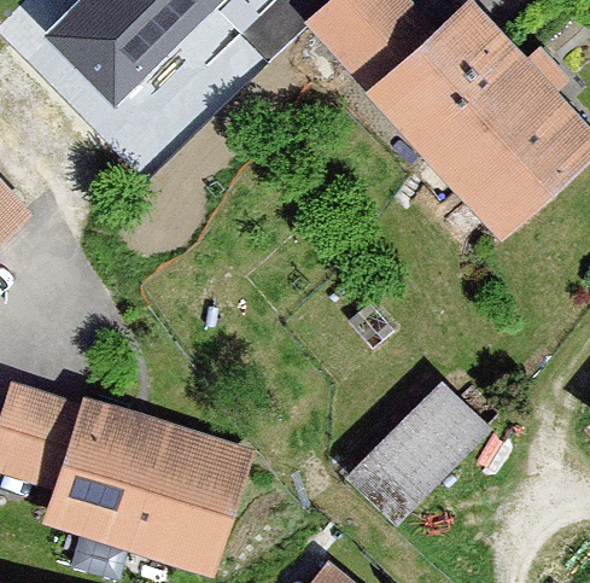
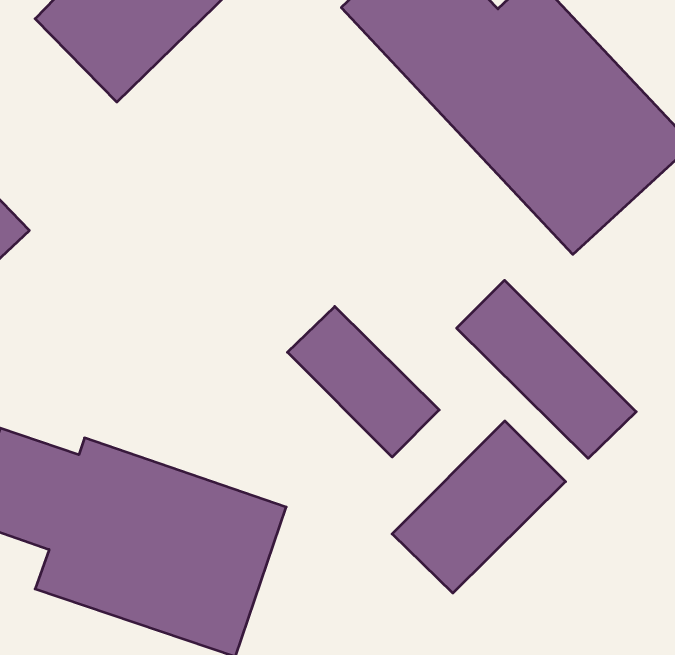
building: none -> [457,280,636,458]
building: none -> [287,306,439,457]

